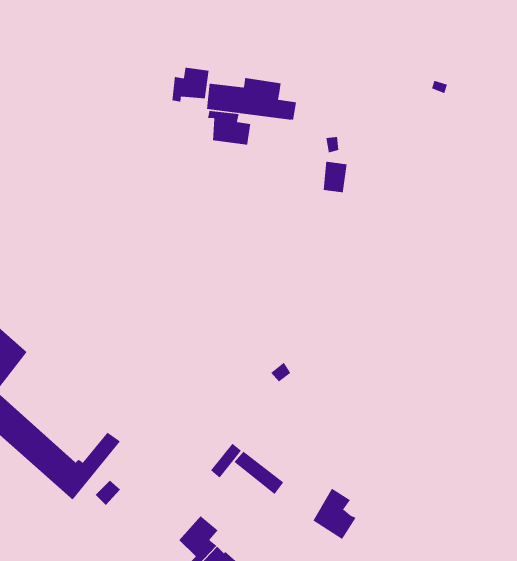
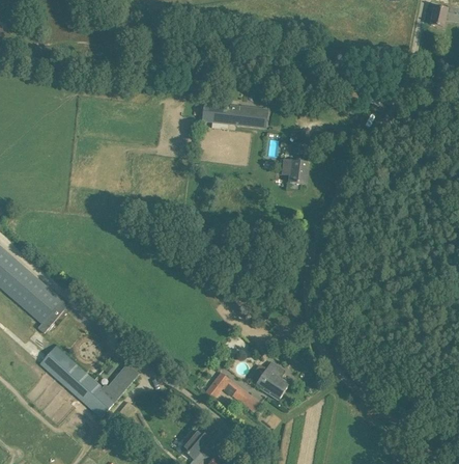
building: [172,67,209,102] -> none
building: [208,110,251,145] -> none
building: [312,488,356,540] -> [255,360,288,400]

